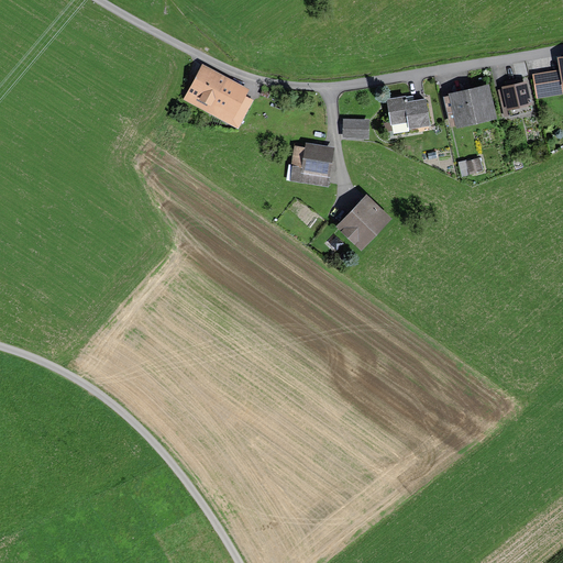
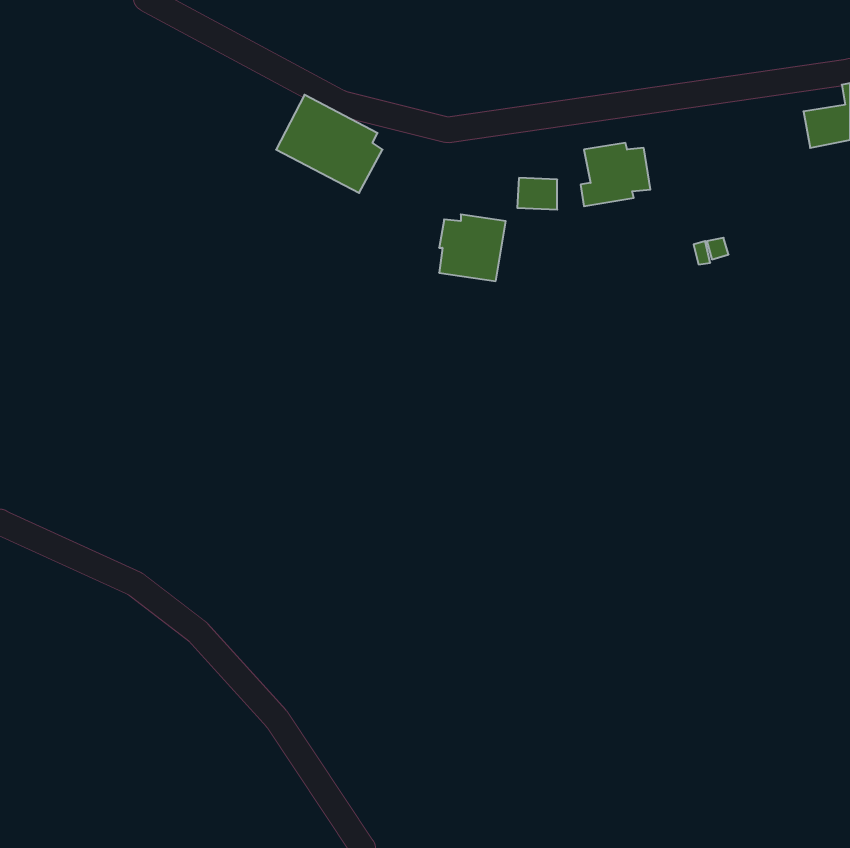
building: [499,78,532,115] -> none
building: [443,82,497,128] -> none
building: [335,194,391,250] -> none

